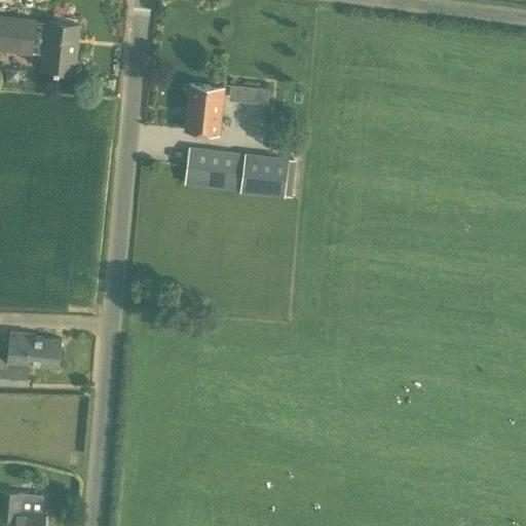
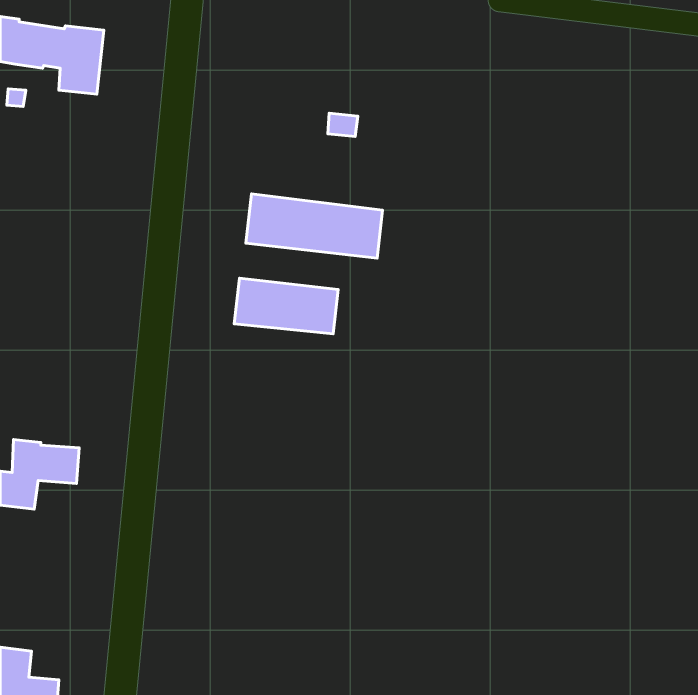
building: [186,85,223,134] -> none
building: none -> [234,278,338,334]

